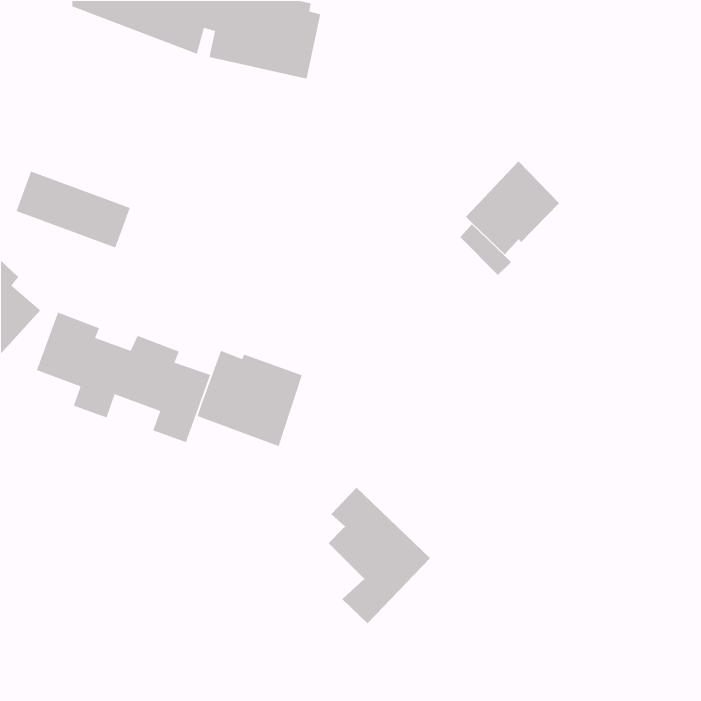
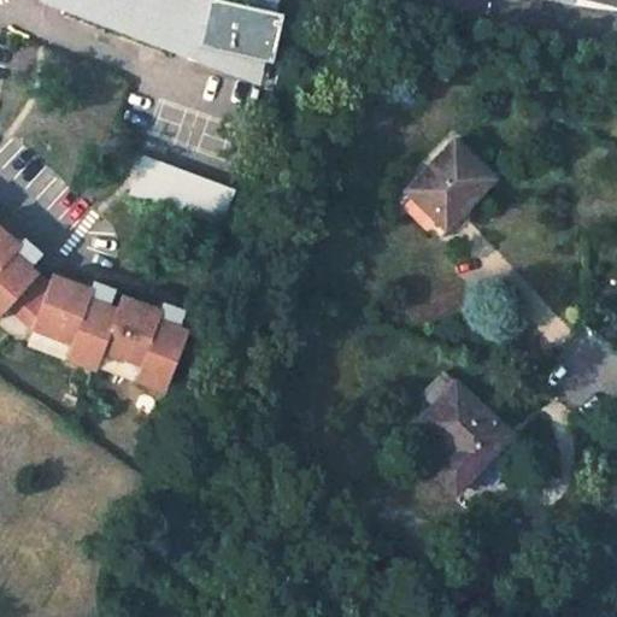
building: [16,170,131,249] -> [129,155,230,224]
building: [196,350,303,447] -> none
building: [328,487,431,624] -> [419,371,510,492]

